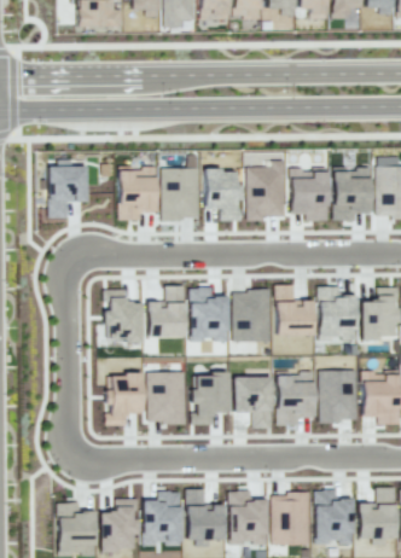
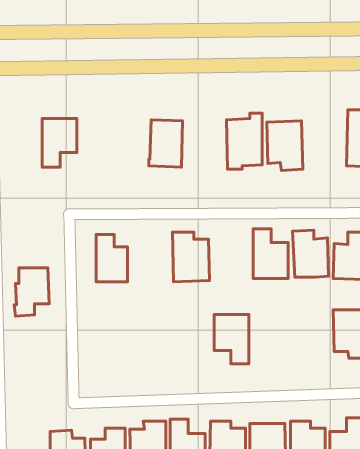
building: [120,167,157,221] -> none
building: [333,167,372,221] -> none
building: [205,170,243,221] -> none
building: [147,286,186,338] -> none
building: [233,291,272,342] -> none
building: [320,371,359,422] -> none
building: [149,372,187,424] -> none
building: [106,374,144,426] -> [14,268,49,316]
building: [194,374,229,425] -> none
building: [278,376,313,418] -> none

